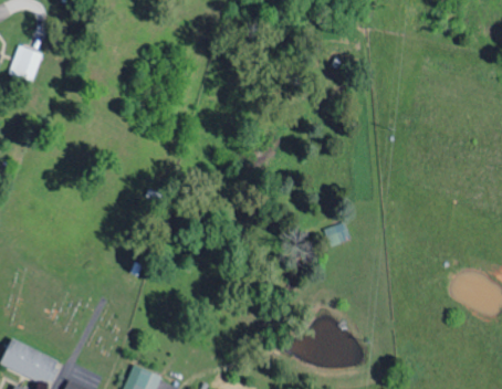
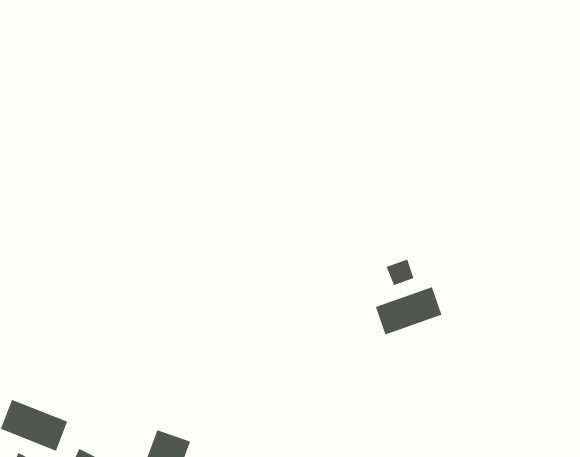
building: [8,45,42,83] -> none
building: none -> [375,286,442,335]

